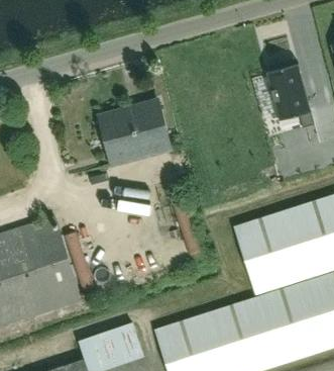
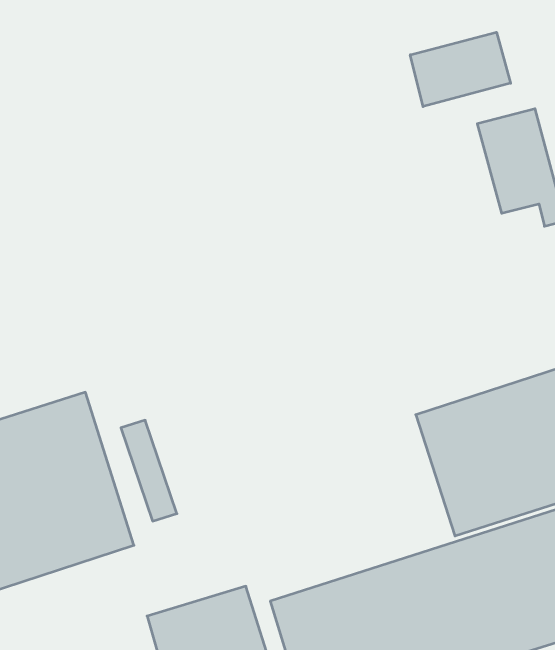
building: none -> [410,32,511,107]
building: [98,100,171,164] -> none

